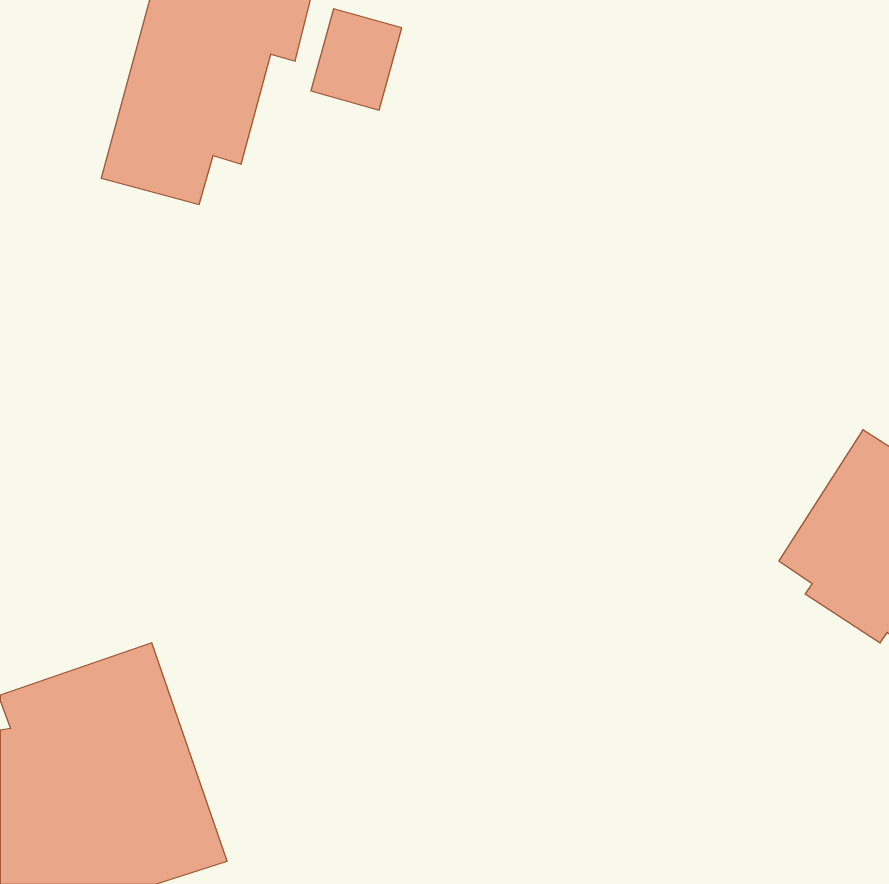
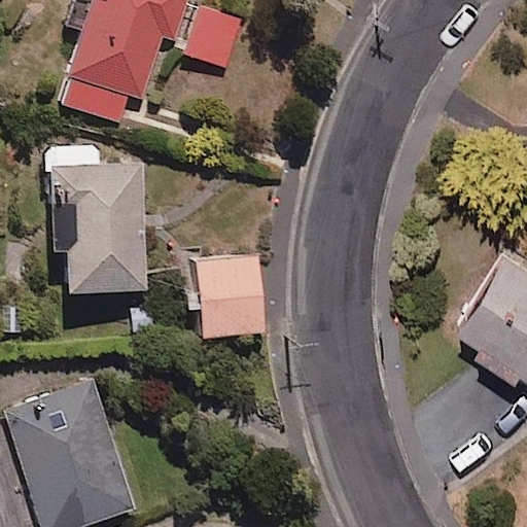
building: none -> [48,147,145,294]
building: none -> [197,253,262,338]

